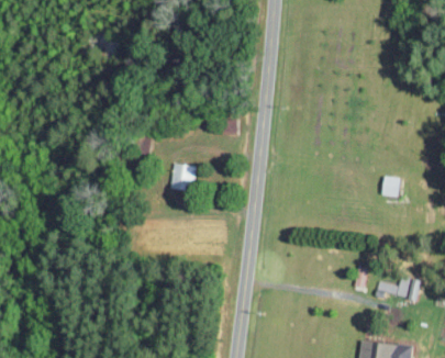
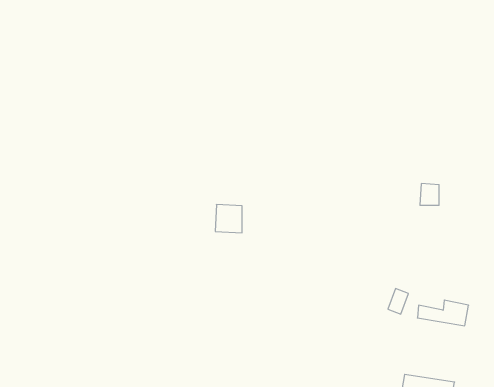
building: [171,165,194,189] -> [215,205,242,233]

